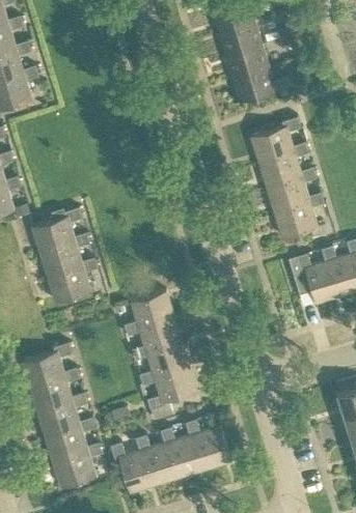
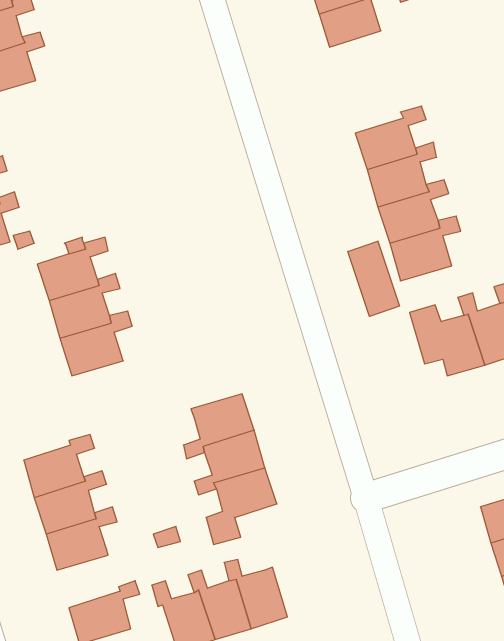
building: [234,66,290,101] -> none
building: none -> [348,241,400,316]
building: [125,290,173,336] -> none
building: [46,419,95,463] -> none
building: [185,422,230,469] -> none

